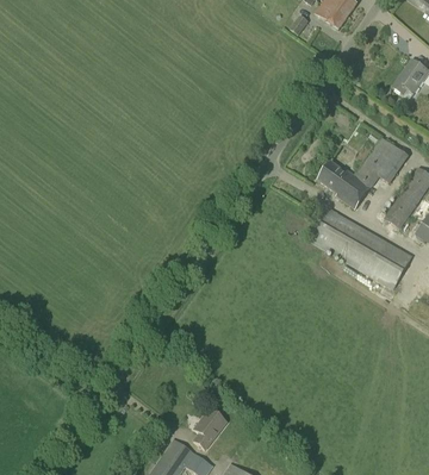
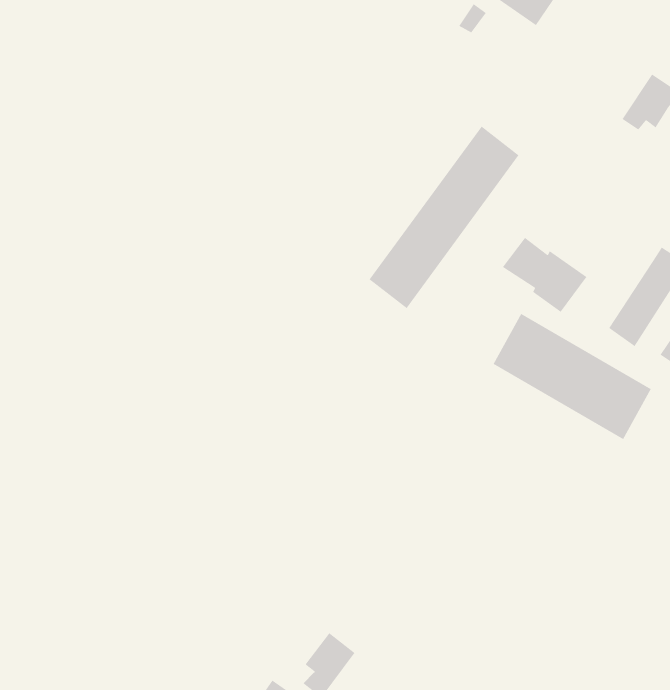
building: none -> [369,125,520,309]
building: [362,135,409,182] -> none

